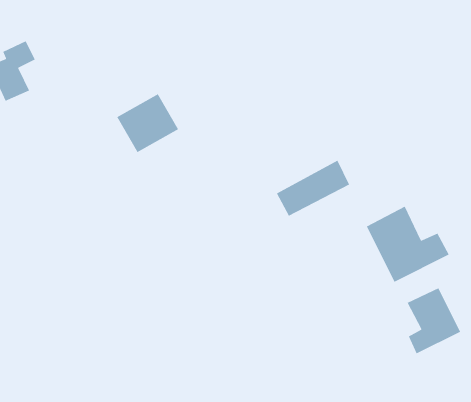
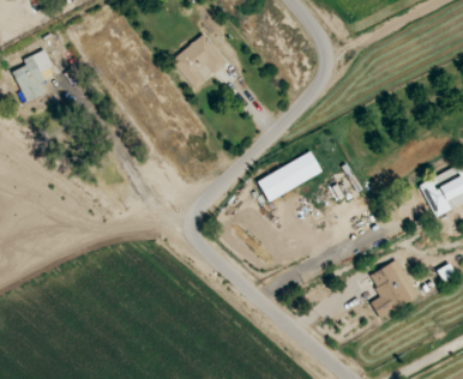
building: [116,93,179,153] -> [173,36,227,88]
building: [366,206,450,283] -> none

